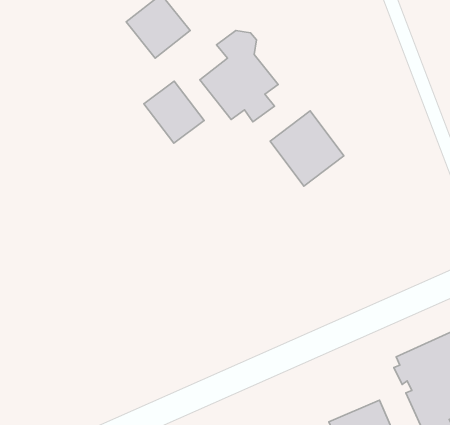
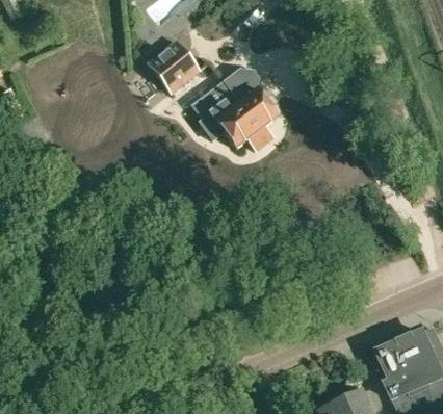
building: [144,81,204,143] -> none
building: [270,111,344,186] -> none

